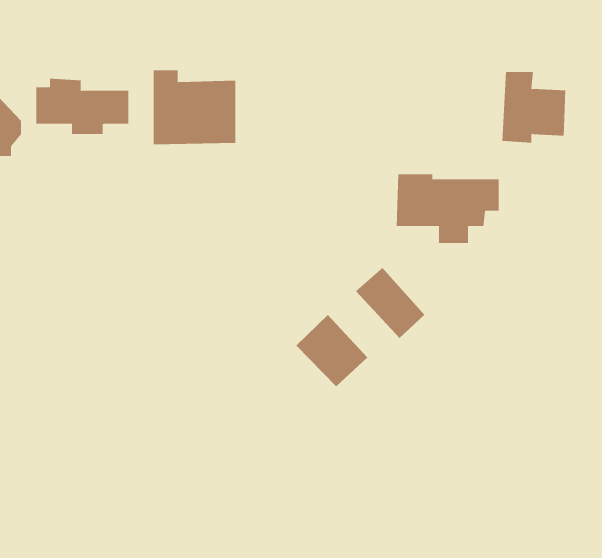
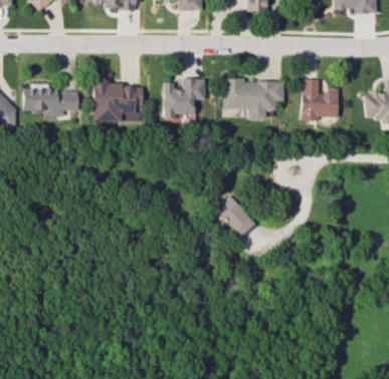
building: none -> [162,78,204,118]
building: [396,174,500,244] -> [221,78,282,119]
building: [295,314,368,387] -> none

